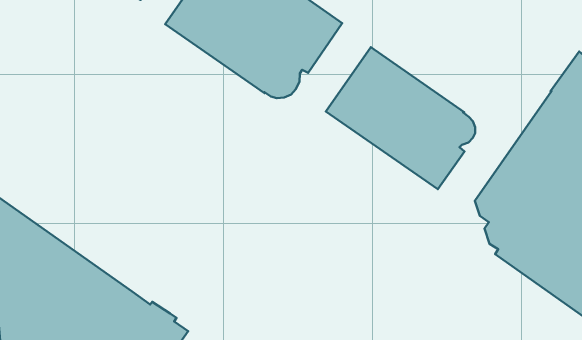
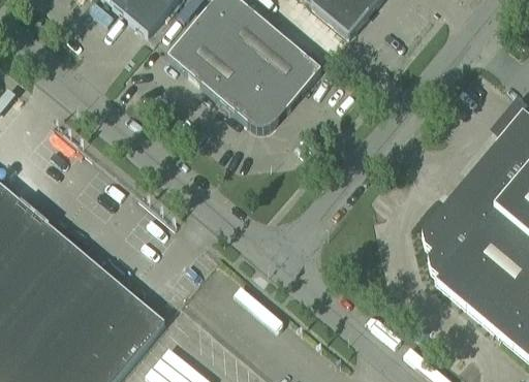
building: [326,47,475,189] -> none

